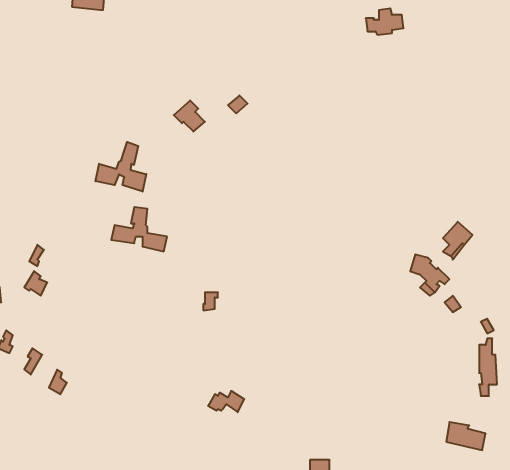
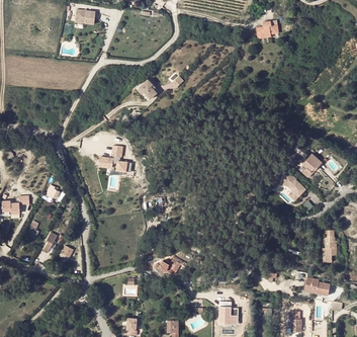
building: [95,142,146,192] -> none

